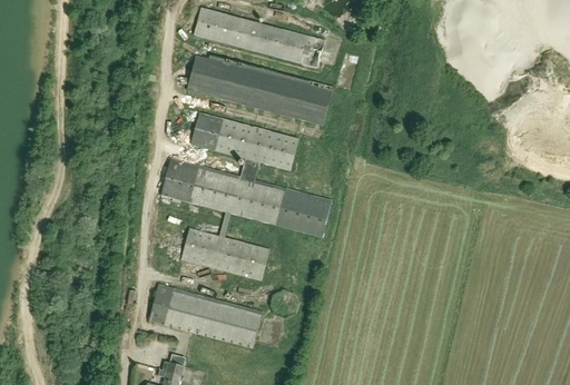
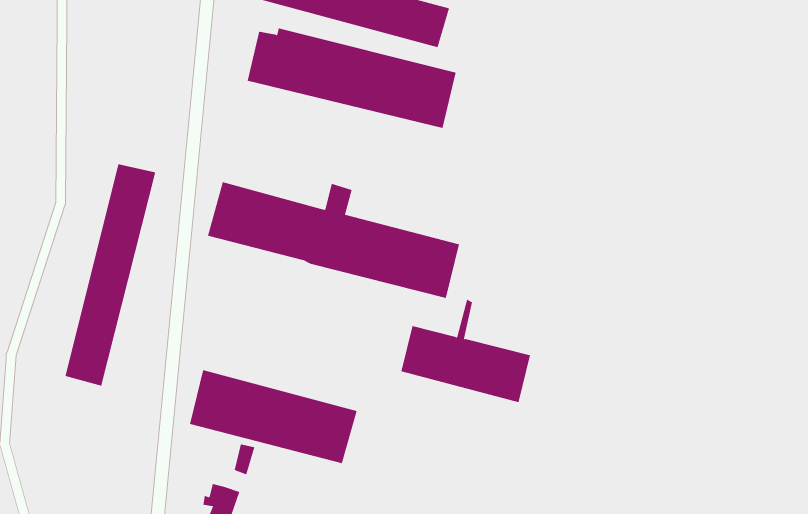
building: [191,113,298,171] -> none
building: none -> [65,163,156,387]
building: [181,211,269,282] -> [400,299,531,403]

